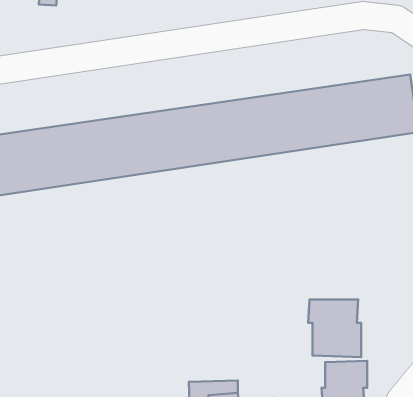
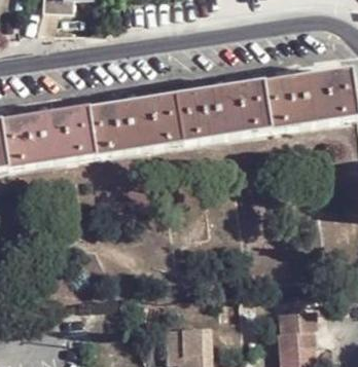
building: [308,299,361,357] -> none

